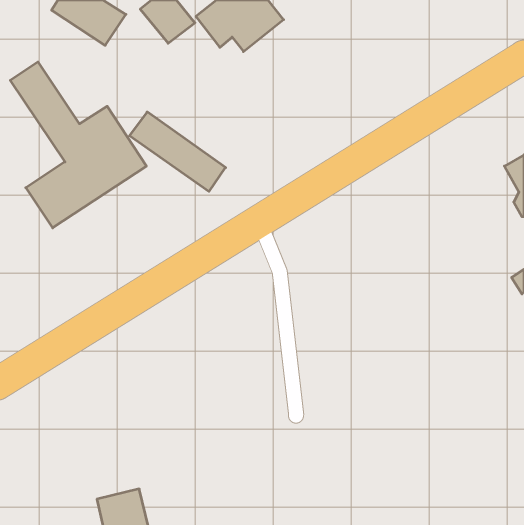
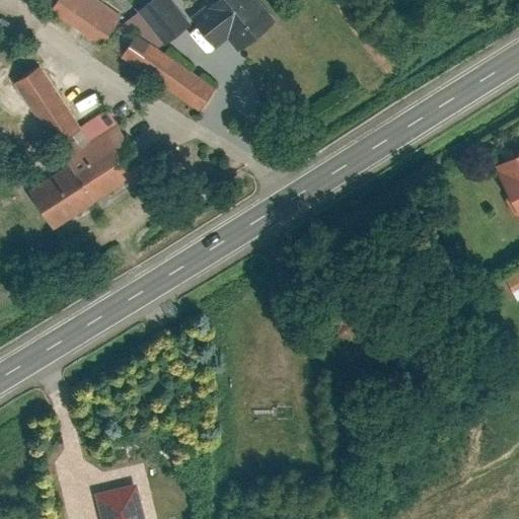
building: [130,112,226,191] -> [121,33,215,112]

